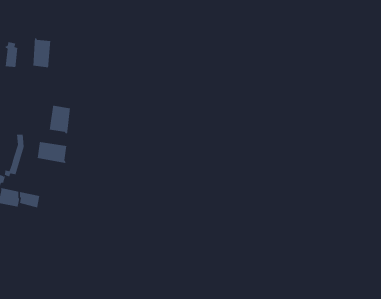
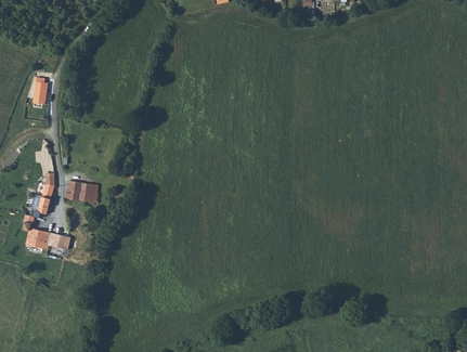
building: [33,37,51,68] -> none
building: [49,105,70,134] -> none

